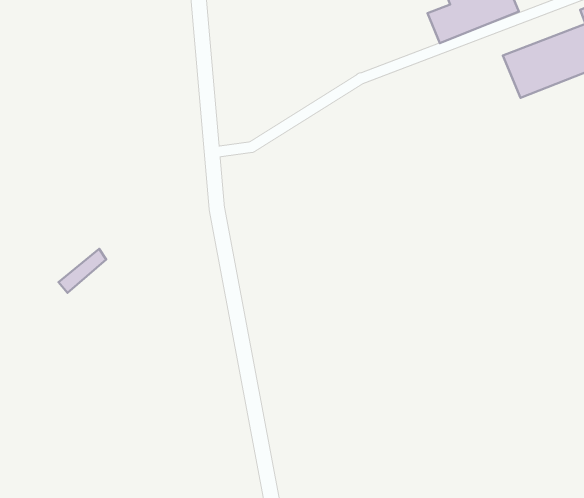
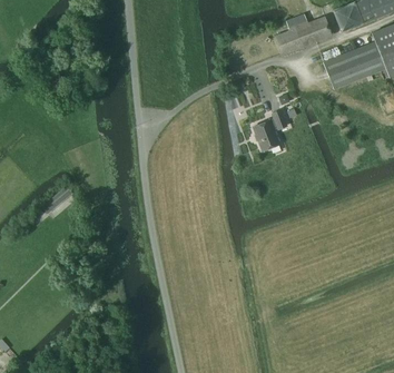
building: none -> [253,110,286,150]

